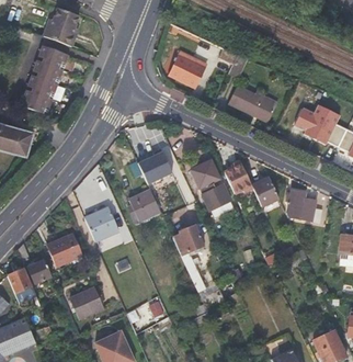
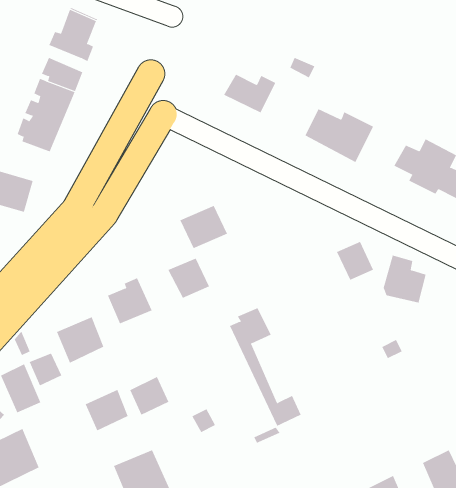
building: [191,158,230,208] -> none
building: [225,162,251,192] -> none
building: none -> [129,376,169,416]

